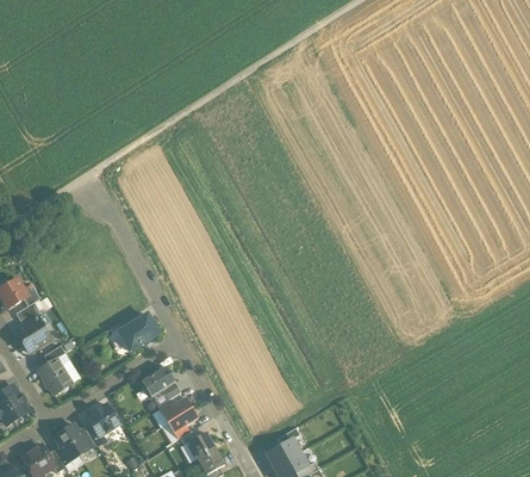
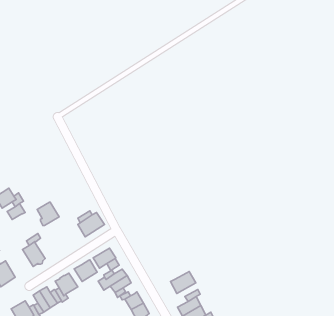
building: [18,316,50,351] -> [37,202,59,226]
building: none -> [74,260,97,282]
building: none -> [171,272,196,294]

